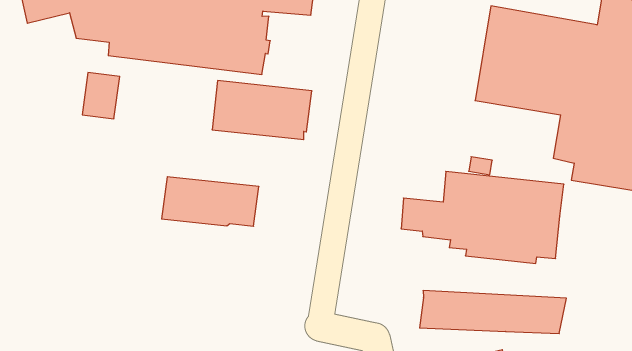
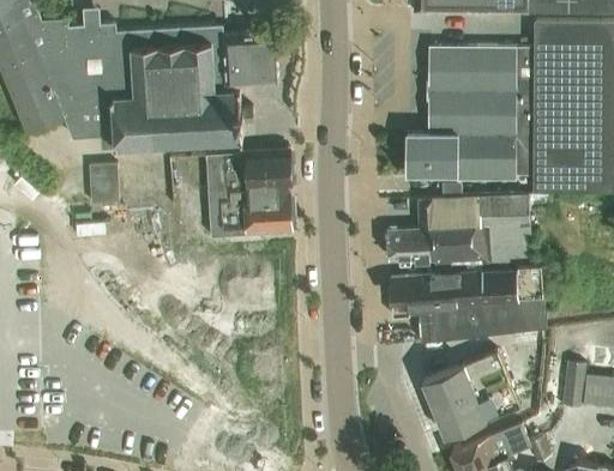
building: none -> [405,134,514,179]
building: [162,177,259,226] -> [207,194,291,237]
building: none -> [391,264,549,319]

